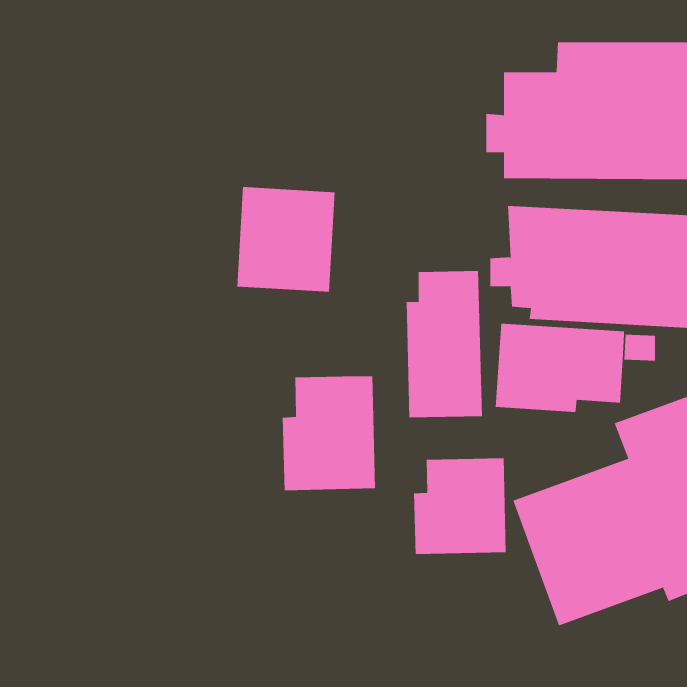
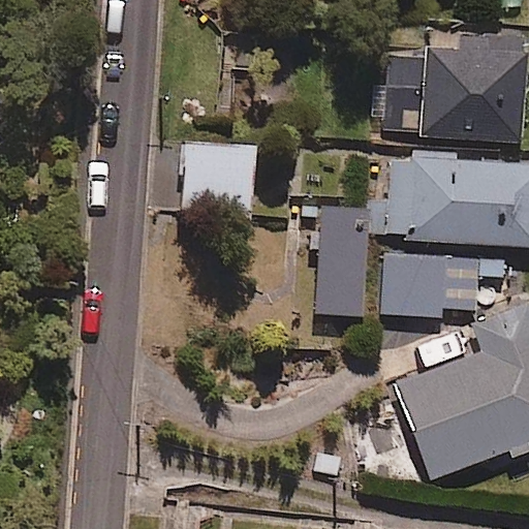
building: [282,375,376,491] -> none
building: [413,458,506,555] -> none

